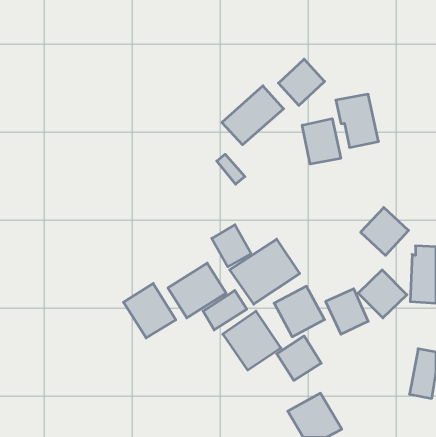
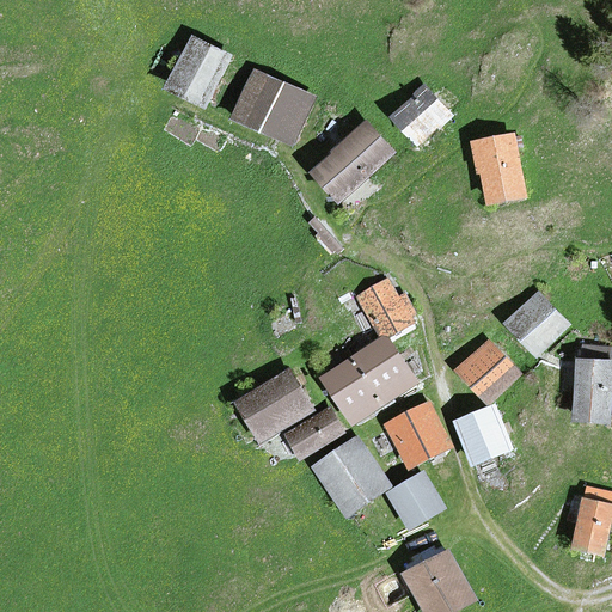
building: none -> [165,35,233,108]
building: none -> [231,68,318,148]
building: [302,119,341,164] -> none
building: [212,225,251,267] -> [356,277,411,336]
building: [358,270,407,318] -> [454,338,522,405]
building: [123,283,176,338] -> none

